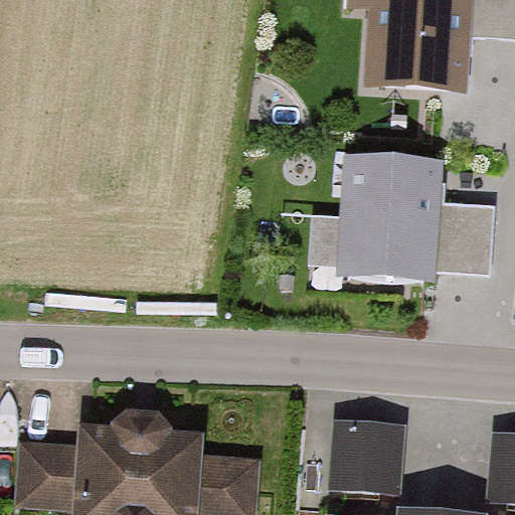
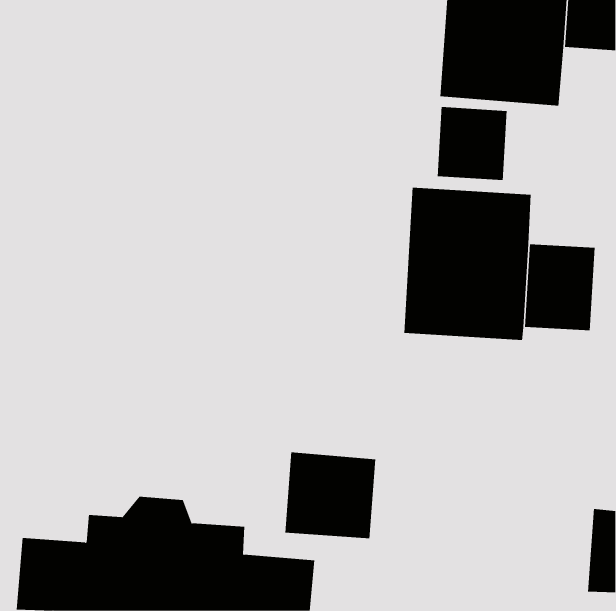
building: none -> [437,106,507,181]
building: [329,412,405,485] -> [284,452,376,539]

